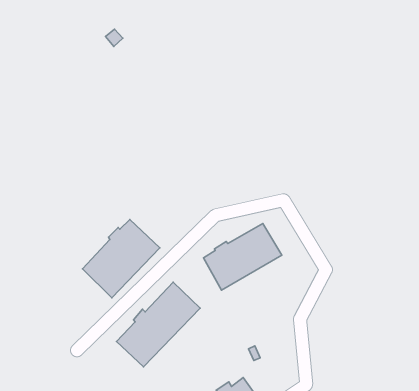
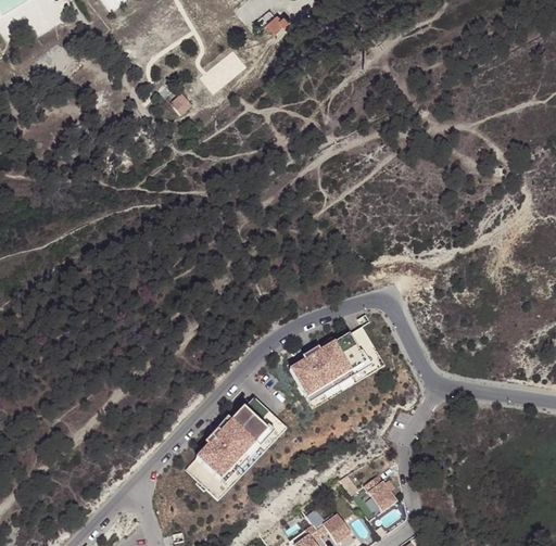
building: [83,219,160,298] -> none
building: none -> [362,474,395,510]

